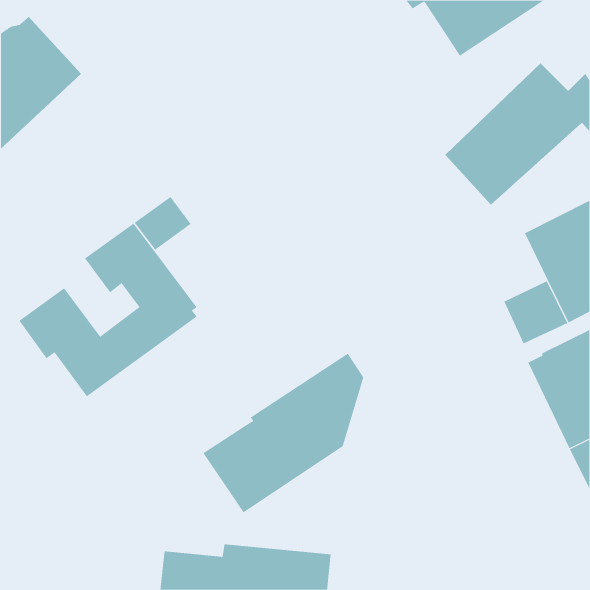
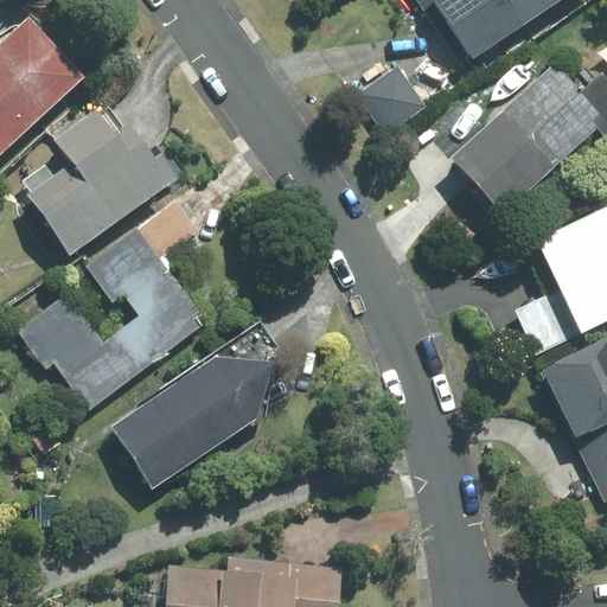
building: none -> [358,65,424,133]
building: none -> [28,107,179,256]
building: [203,353,364,513] -> [111,322,277,487]

